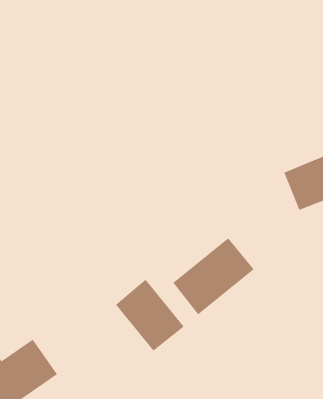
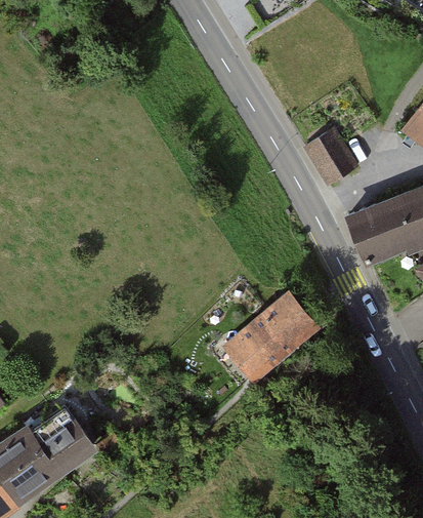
building: none -> [307,130,357,185]
building: [115,279,184,352] -> none

